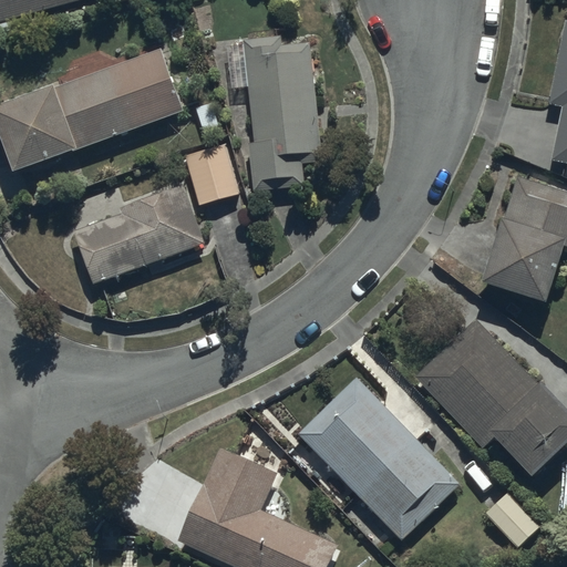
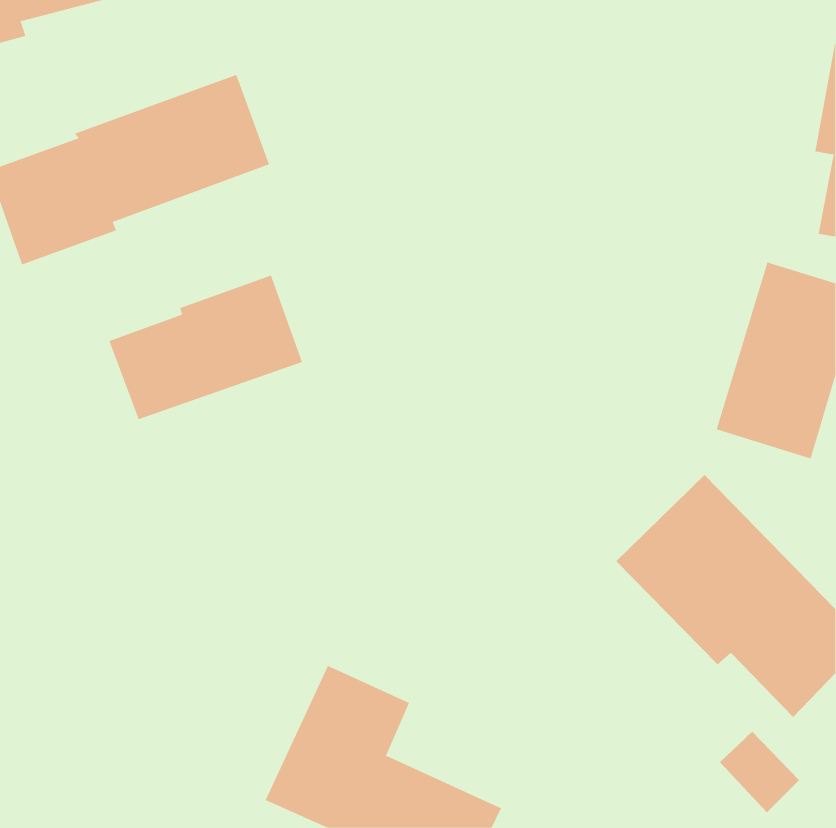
building: [230,35,320,189] -> none
building: [184,144,237,205] -> none
building: [298,377,460,540] -> none

